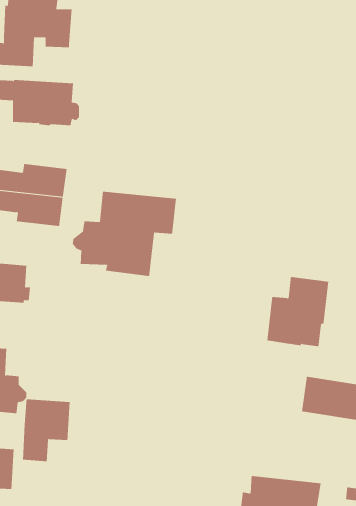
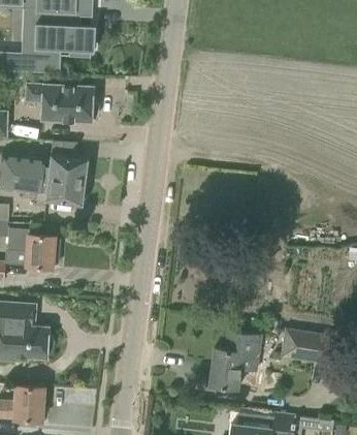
building: [72,191,177,277] -> none
building: [266,277,329,347] -> [209,332,261,390]
building: [22,399,70,462] -> none

